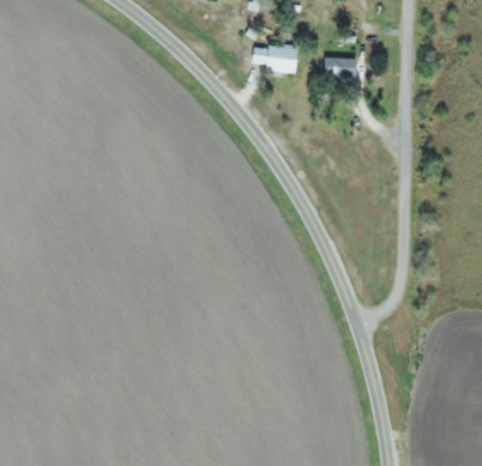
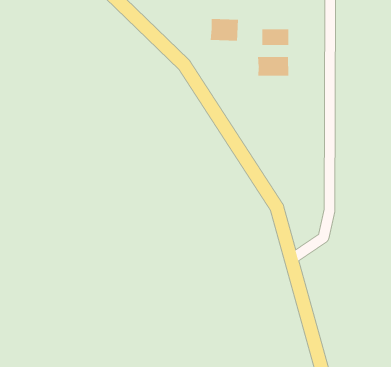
building: none -> [258,56,289,76]

